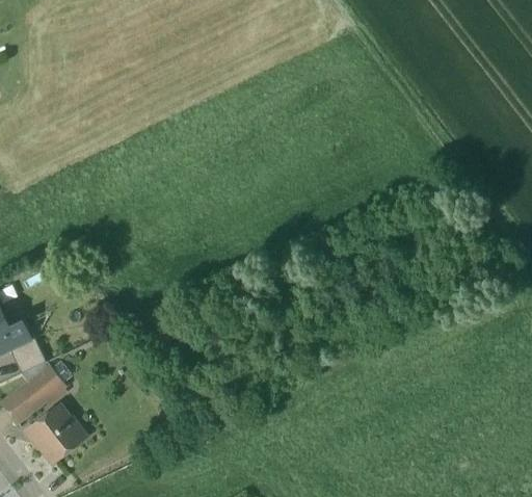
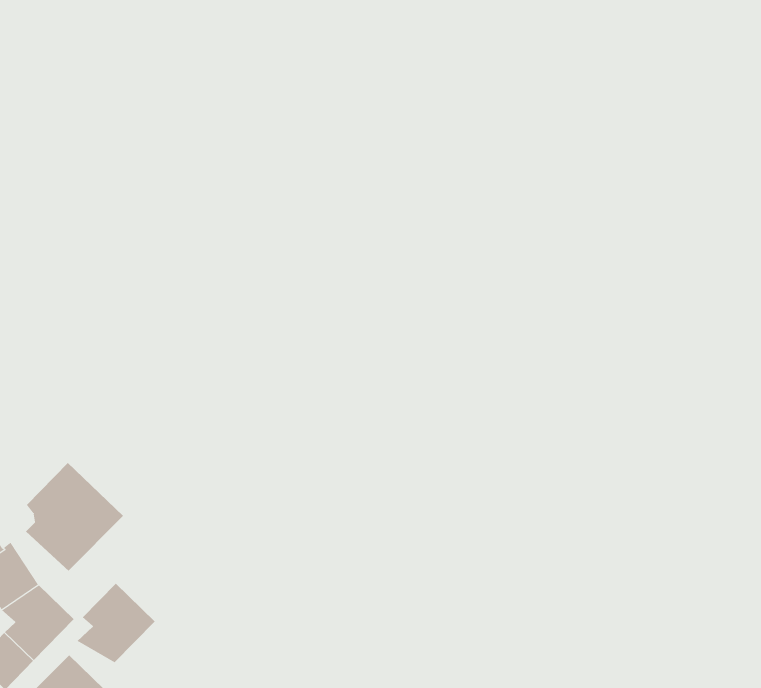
building: none -> [25,462,124,571]
building: none -> [77,583,155,663]

